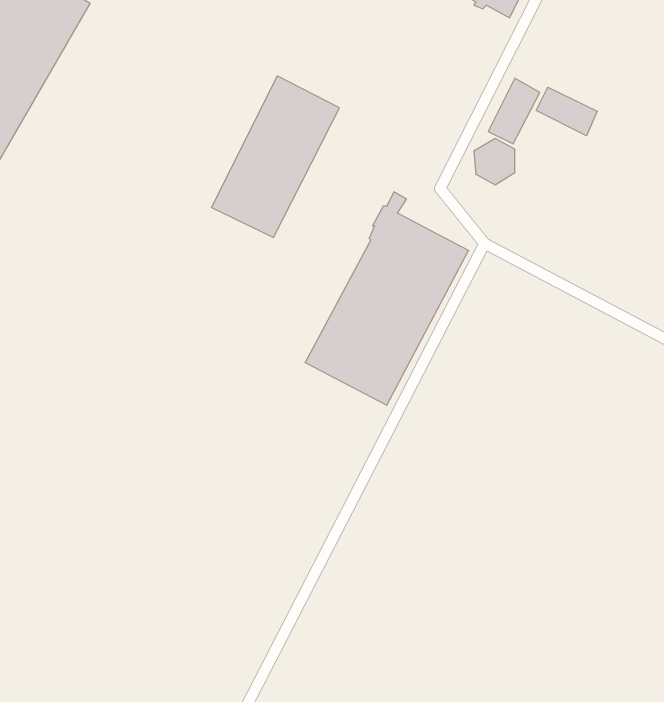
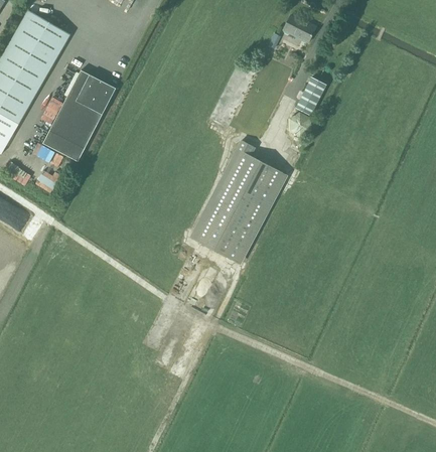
building: [211,76,339,238] -> [43,69,116,161]
building: [536,87,597,136] -> none

